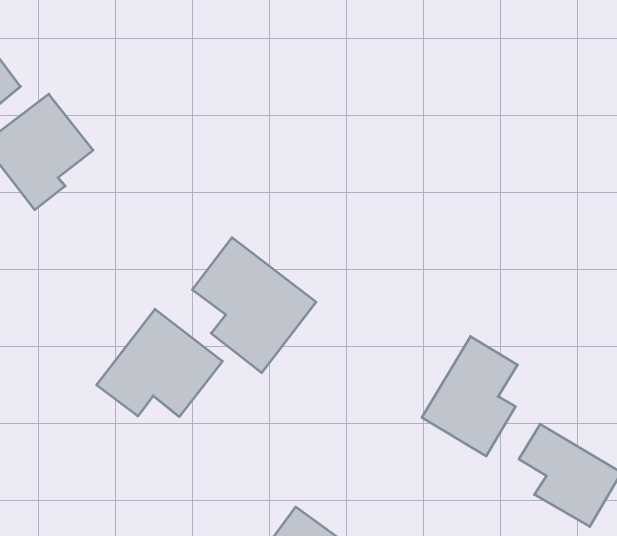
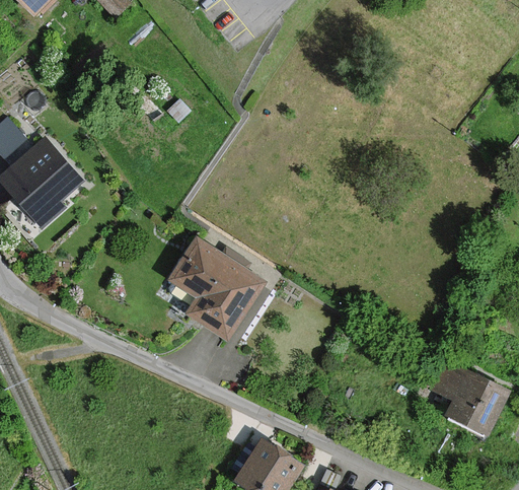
building: [97,309,222,417] -> none
building: [422,336,518,456] -> none

